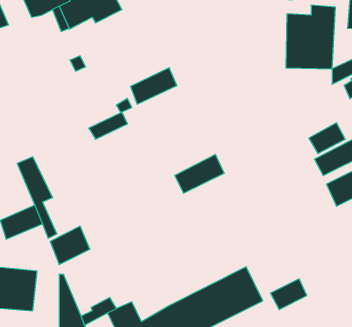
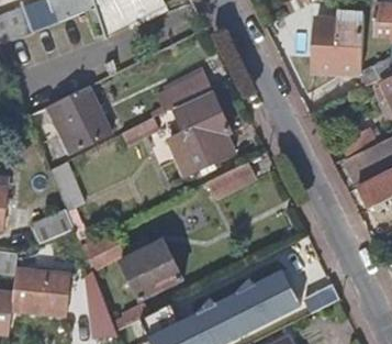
building: none -> [48,86,109,151]
building: none -> [170,95,233,173]
building: none -> [122,242,180,299]

